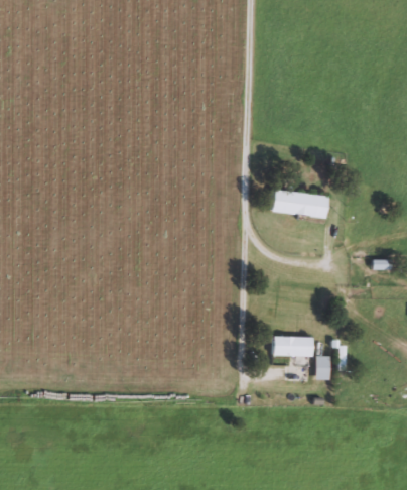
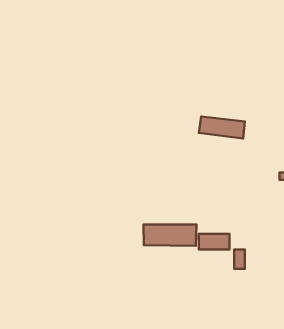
building: none -> [143,225,197,246]

